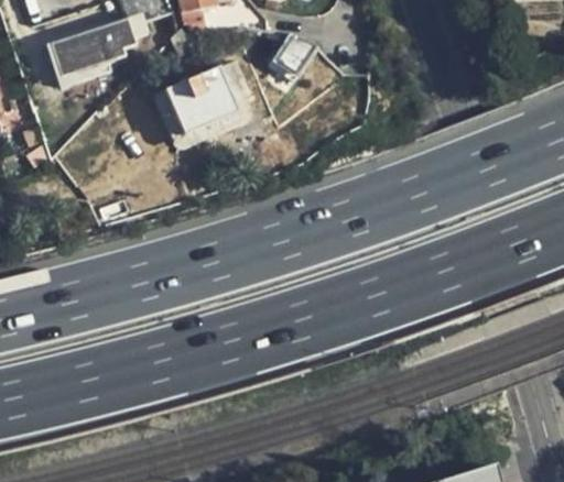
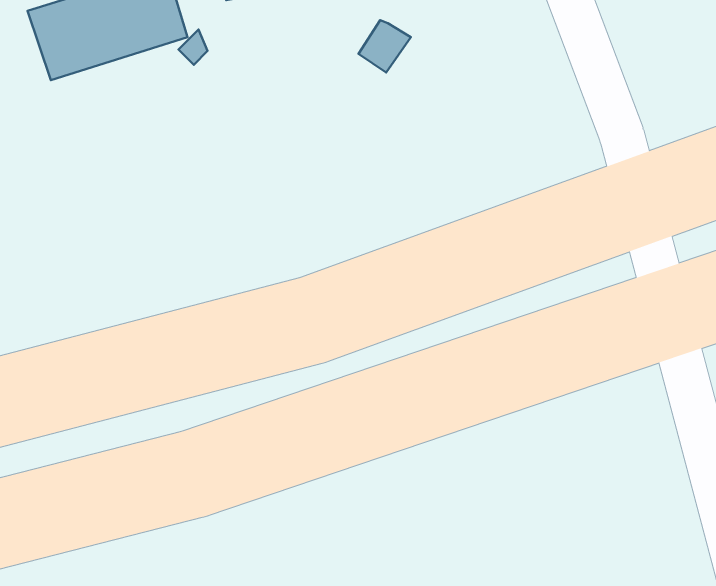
building: [166,69,239,136] -> none

